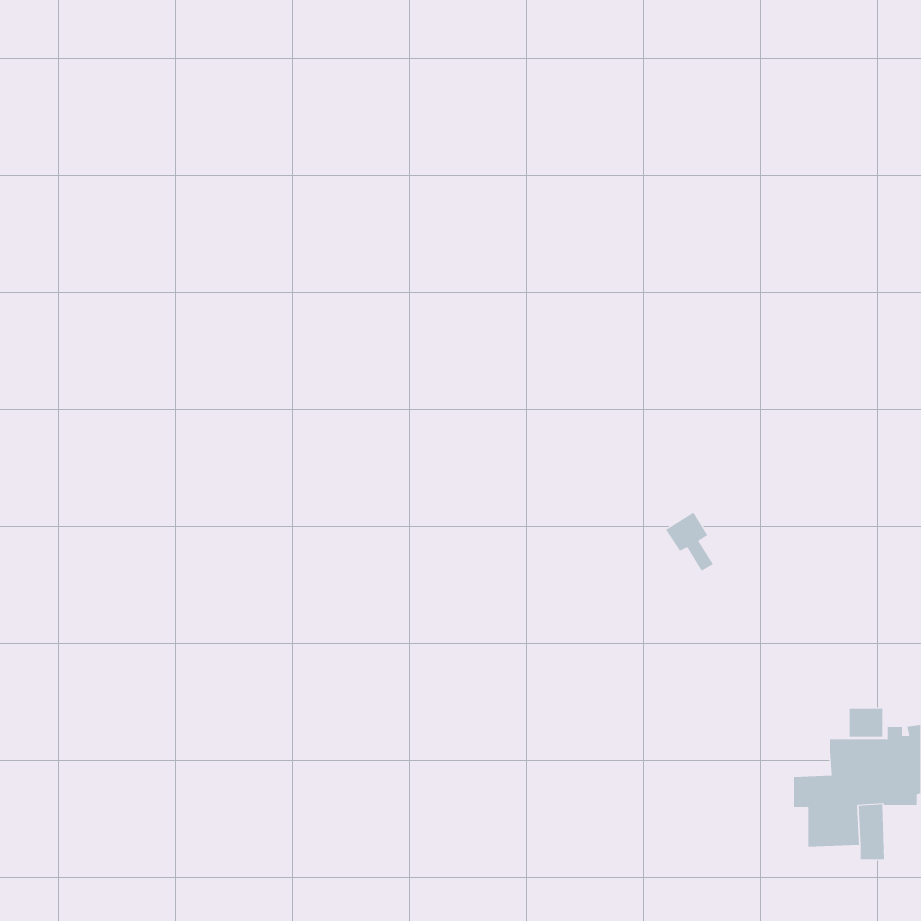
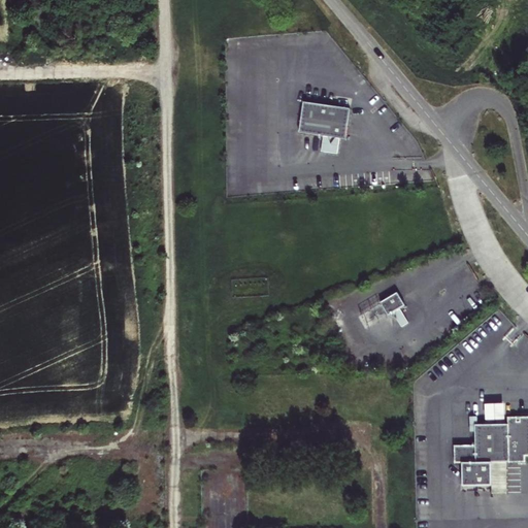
building: none -> [300,102,351,155]

